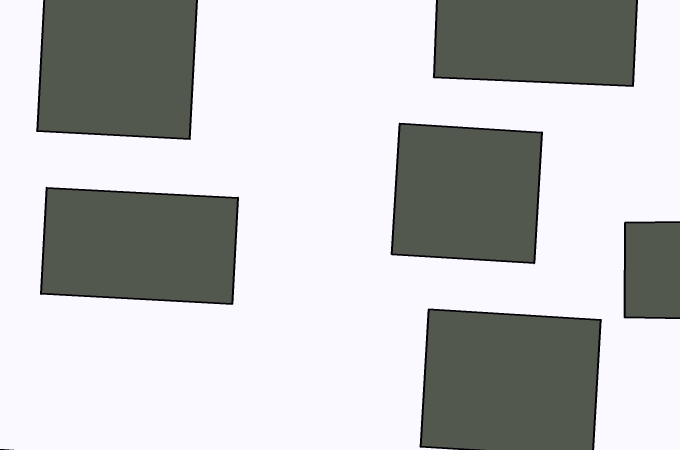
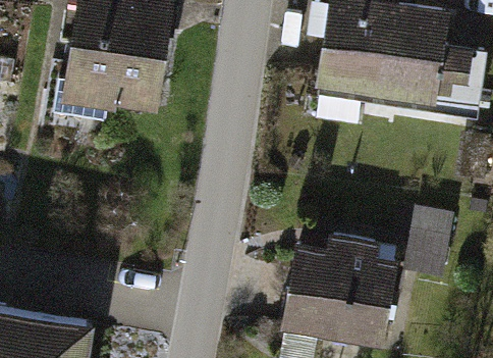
building: [392,124,542,263] -> none
building: [41,188,238,304] -> none

